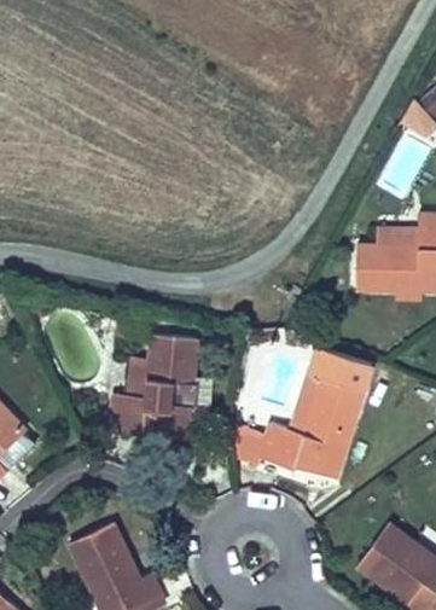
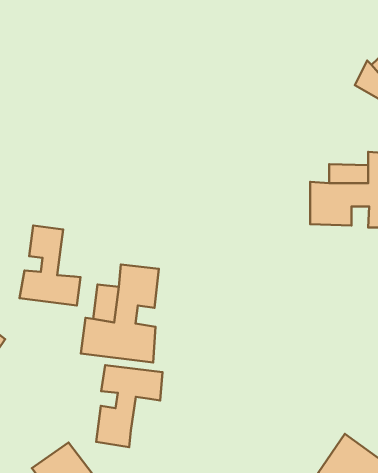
building: none -> [19,225,80,305]
building: [252,362,371,486] -> none
building: none -> [96,365,163,447]

